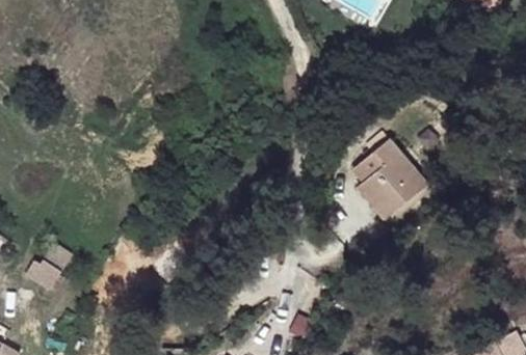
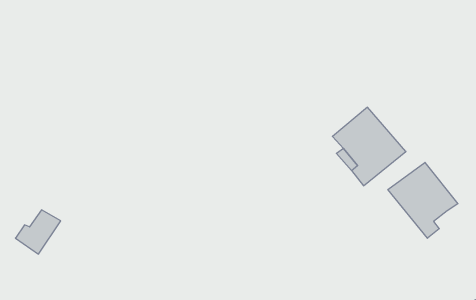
building: none -> [388,162,458,238]

